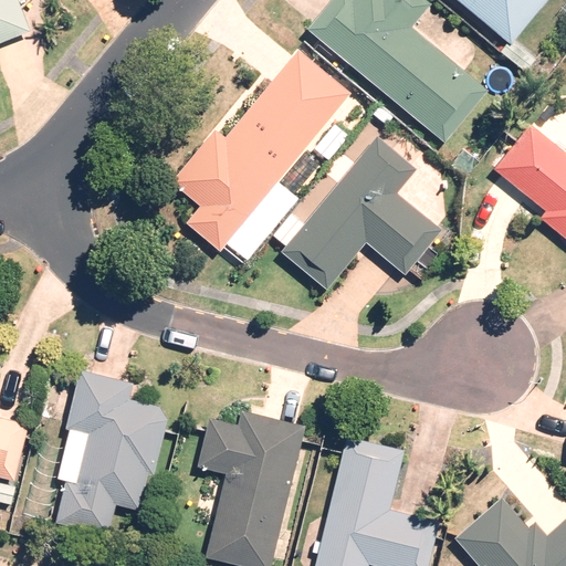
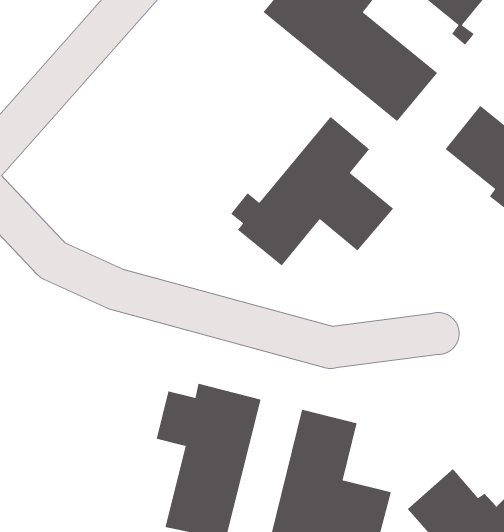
building: [170,50,349,260] -> none
building: [54,370,167,536] -> none

